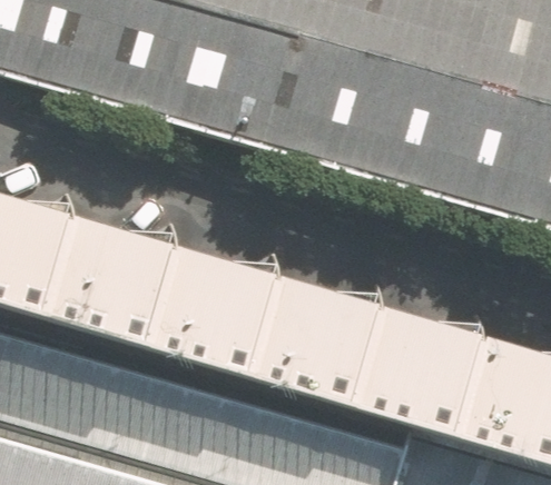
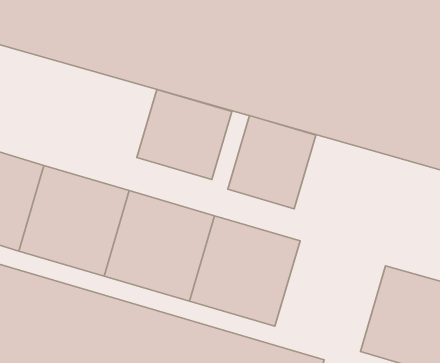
building: none -> [137,89,232,179]
building: none -> [228,116,316,209]
building: [346,305,479,437] -> none

